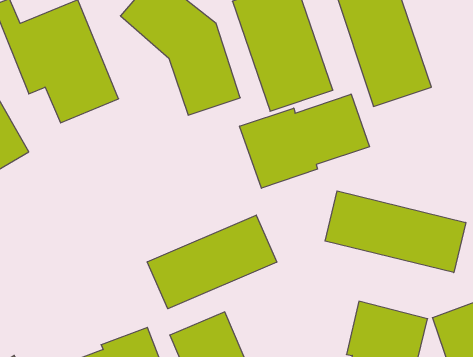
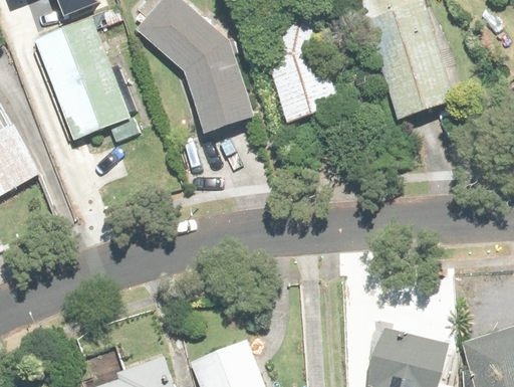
building: [240,94,369,188] -> none
building: [325,191,466,273] -> none
building: [147,215,277,309] -> none

